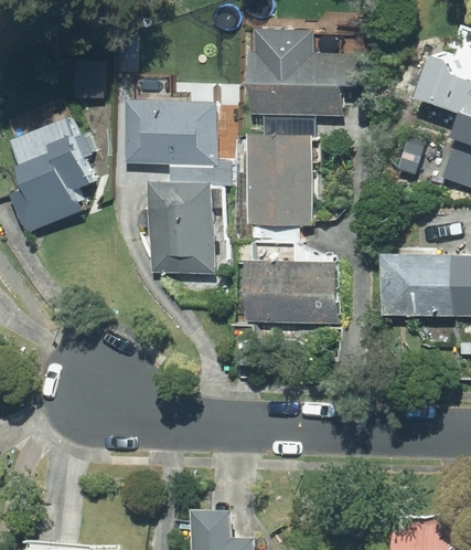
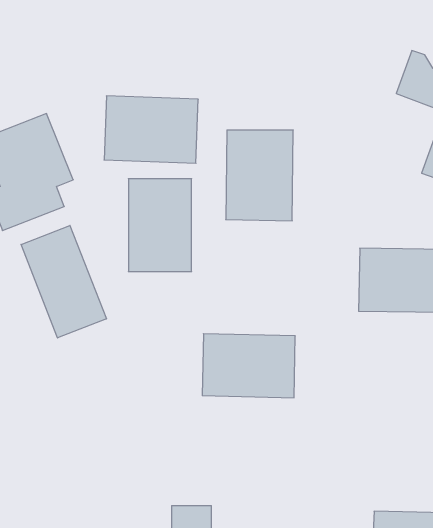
building: [249,29,362,117] -> none
building: none -> [21,225,106,338]
building: [243,261,335,325] -> [202,334,295,398]

